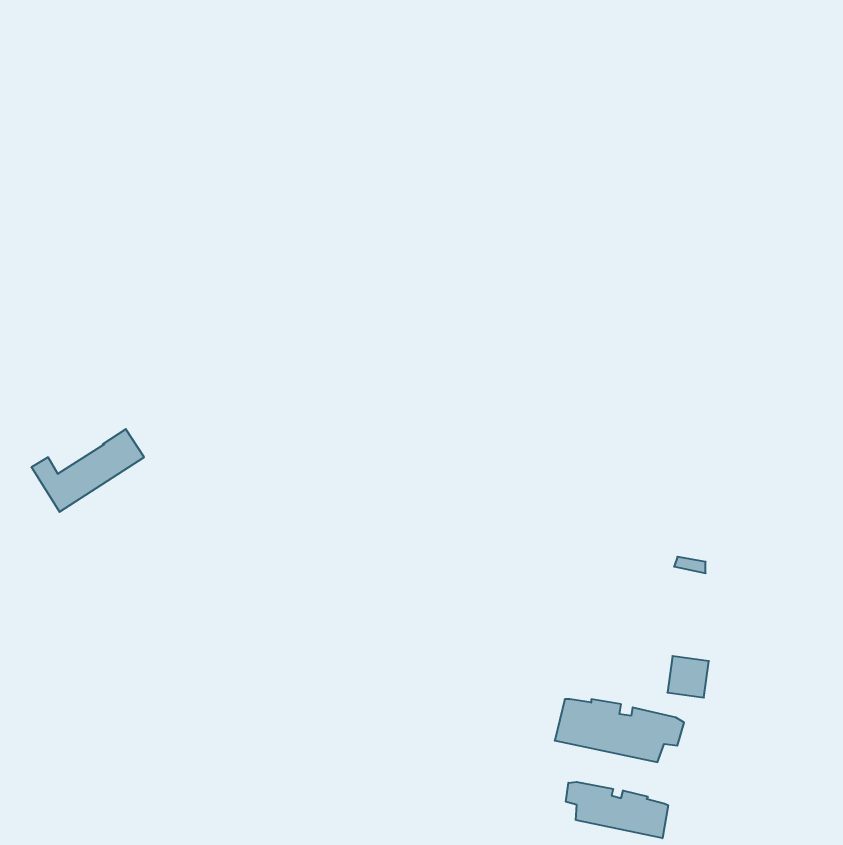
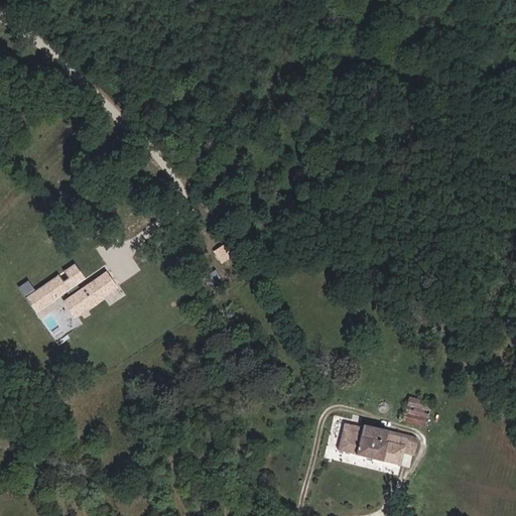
building: none -> [66,273,115,318]
building: [566,782,668,838] -> none

